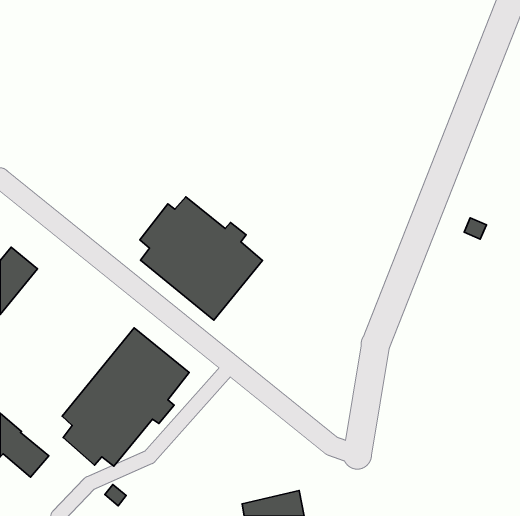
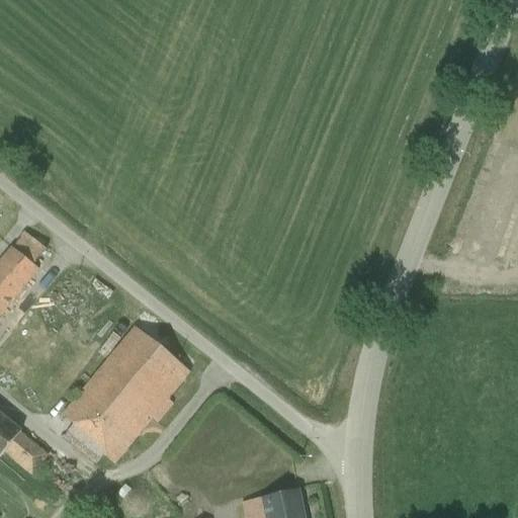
building: [140,197,263,320] -> none

